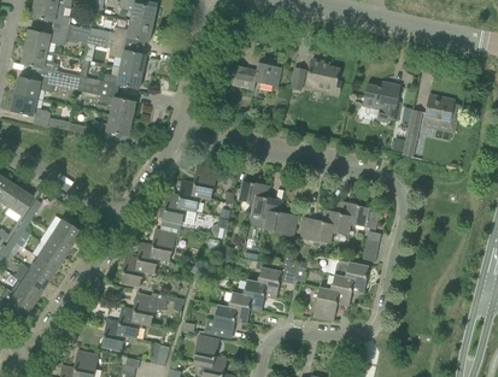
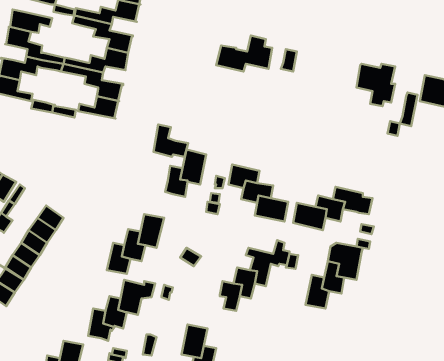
building: [306,58,341,93] -> none
building: [163,193,197,224] -> [153,125,188,157]
building: [203,304,236,337] -> none

